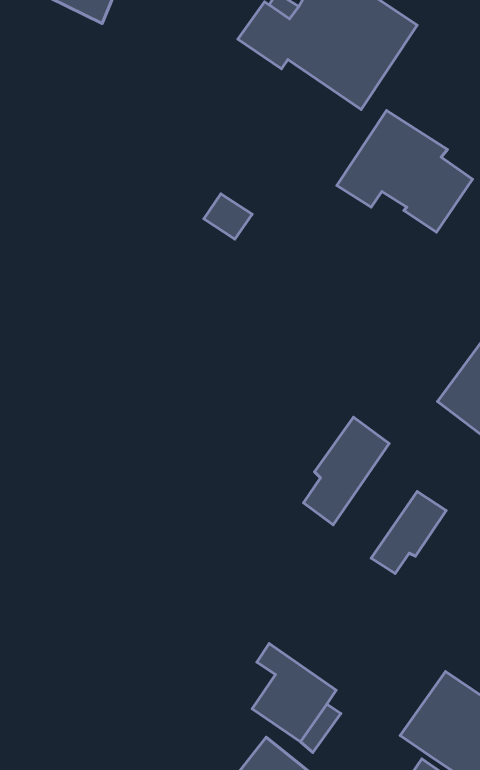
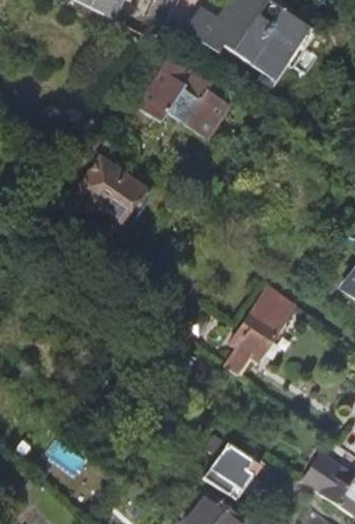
building: [337,110,472,232] -> [142,59,232,140]
building: none -> [78,156,144,220]
building: [371,492,446,574] -> none

